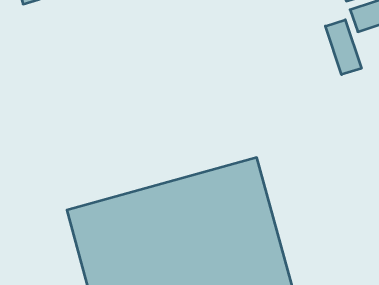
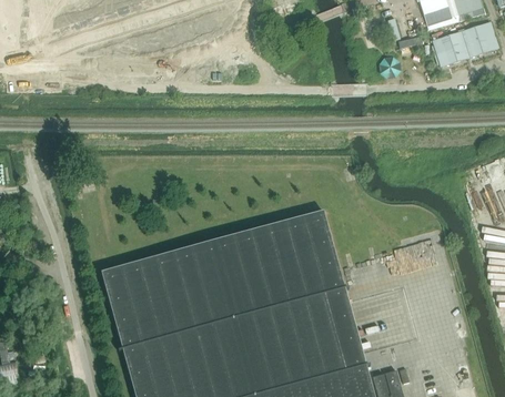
building: [325,20,361,75] -> none

